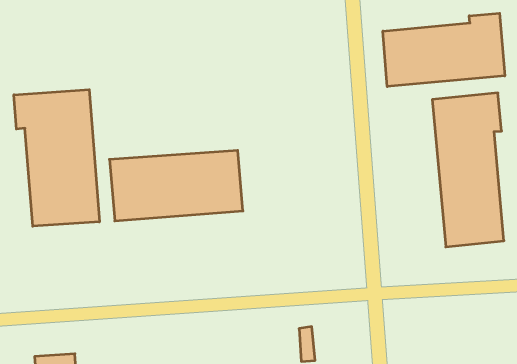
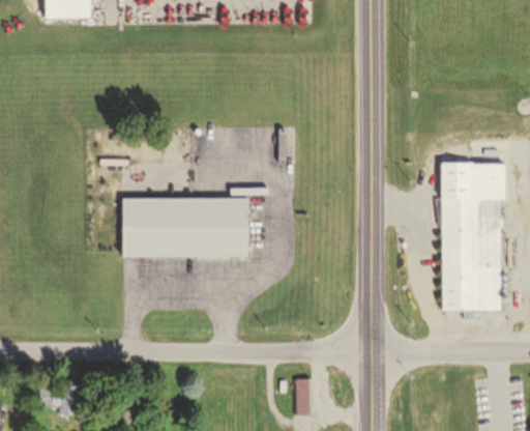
building: [383,13,505,87] -> none
building: [14,90,99,226] -> none

